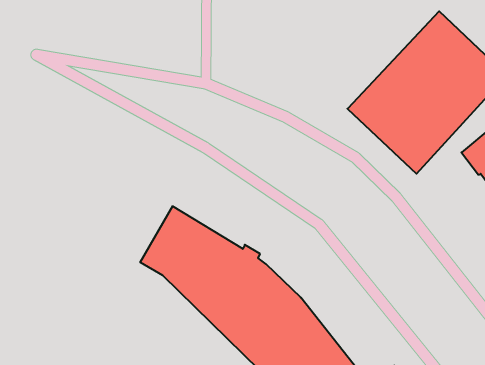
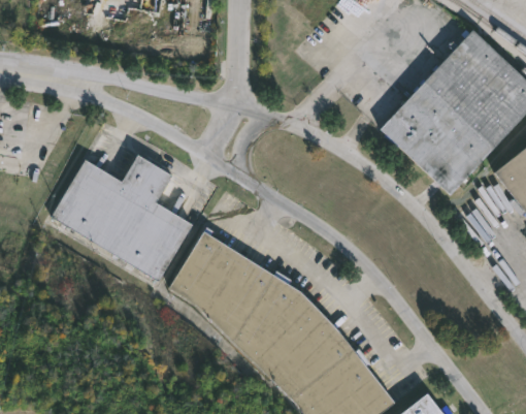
building: none -> [52,155,191,281]

